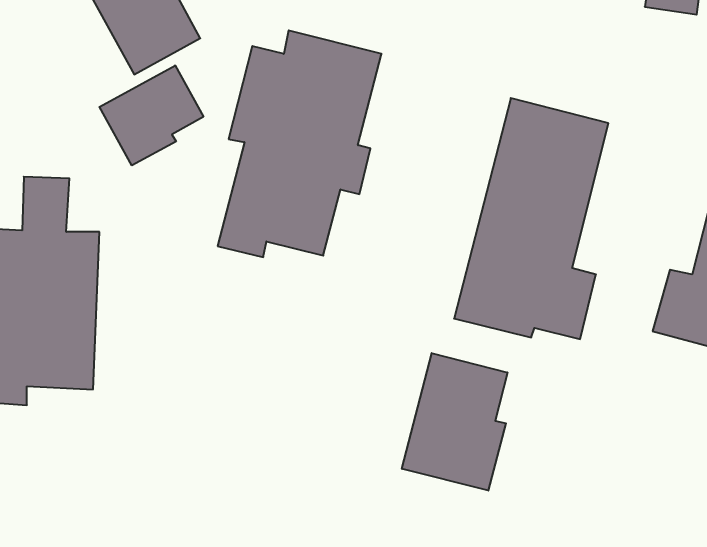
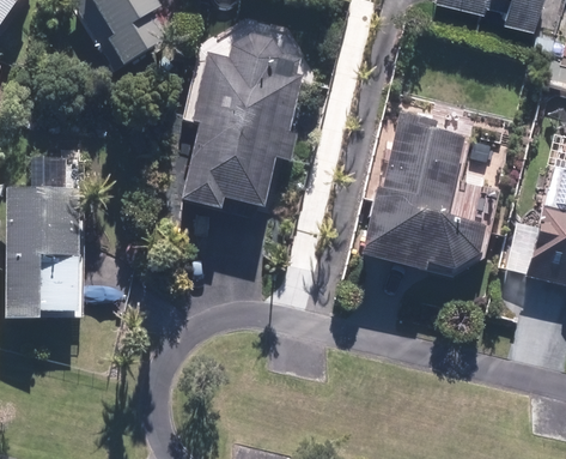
building: [99,65,203,165] -> none
building: [402,353,507,491] -> none

